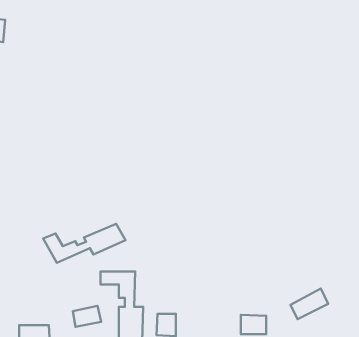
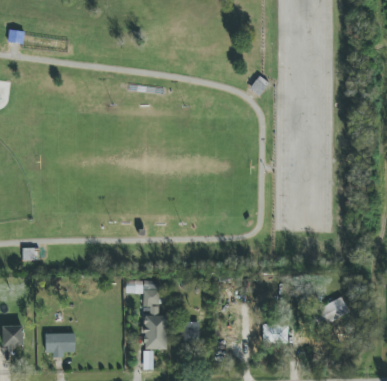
building: [43,224,125,263] -> none
building: [73,306,101,327] -> none

